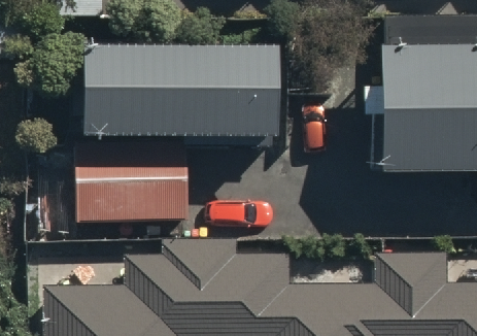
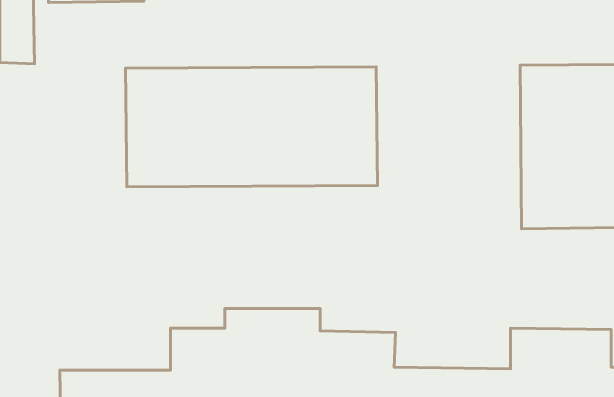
building: [73,155,186,217] -> none

